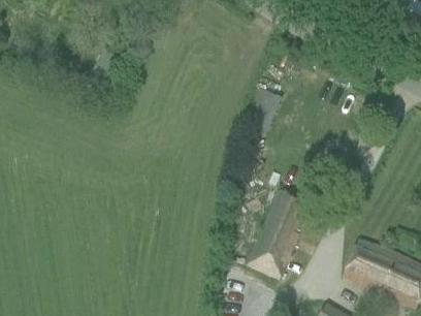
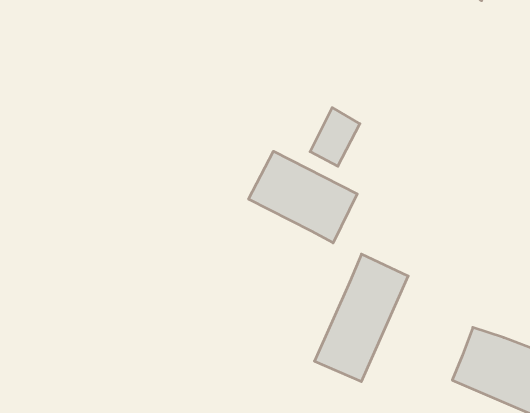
building: none -> [249,151,357,243]

